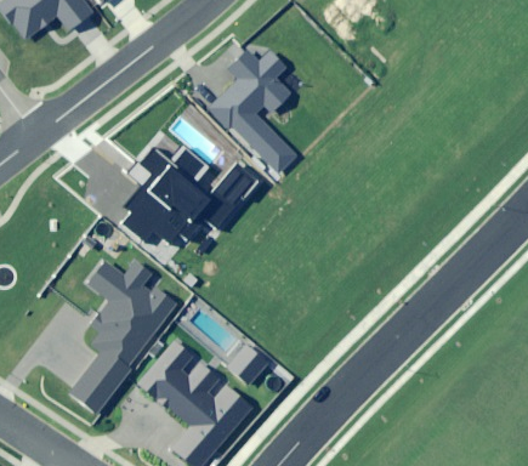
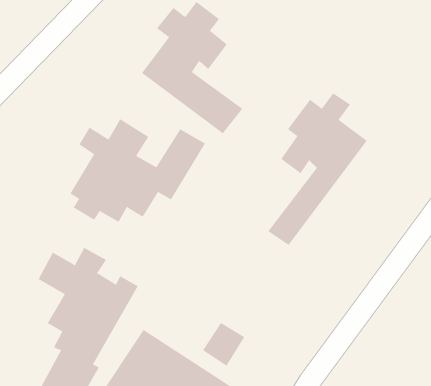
building: none -> [267,92,367,246]

